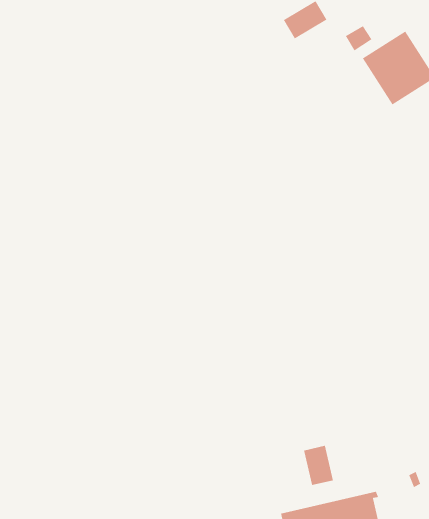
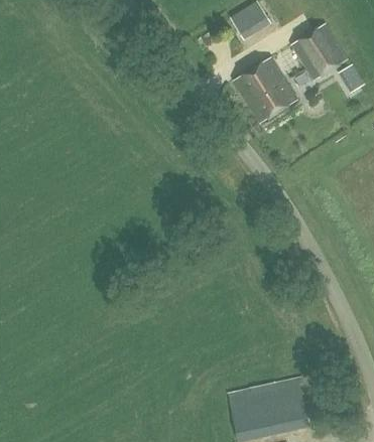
building: none -> [234,59,296,123]
building: [303,445,334,486] -> none

